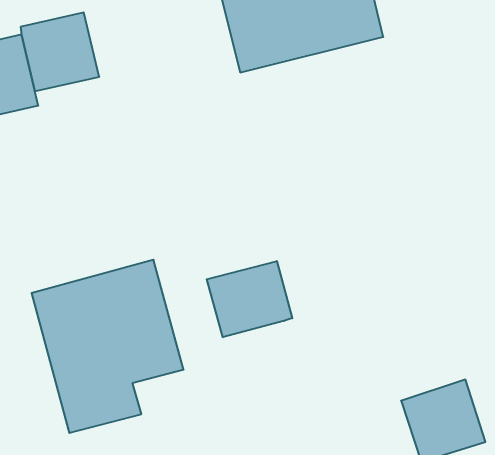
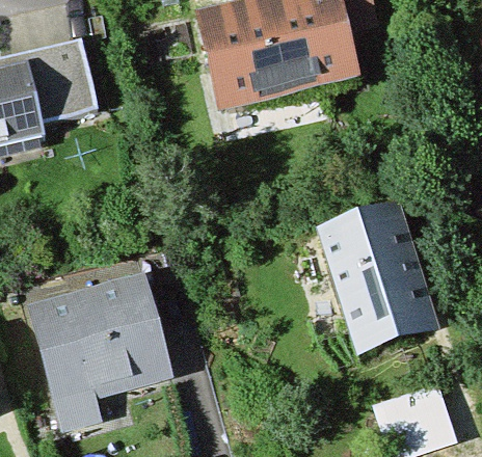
building: none -> [288,204,438,352]
building: [207,261,292,337] -> none

